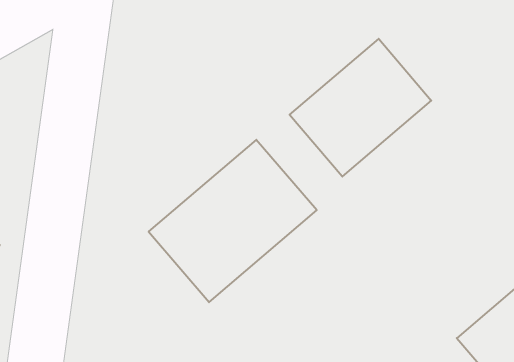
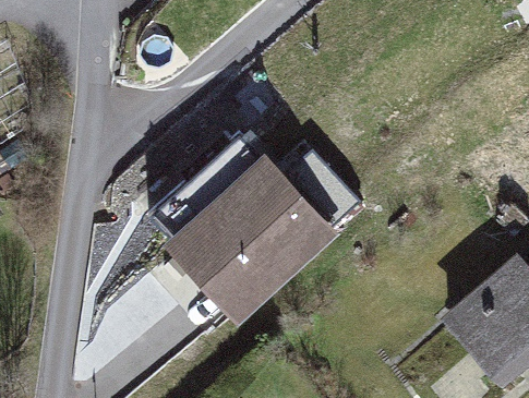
building: [290,39,431,177] -> none

